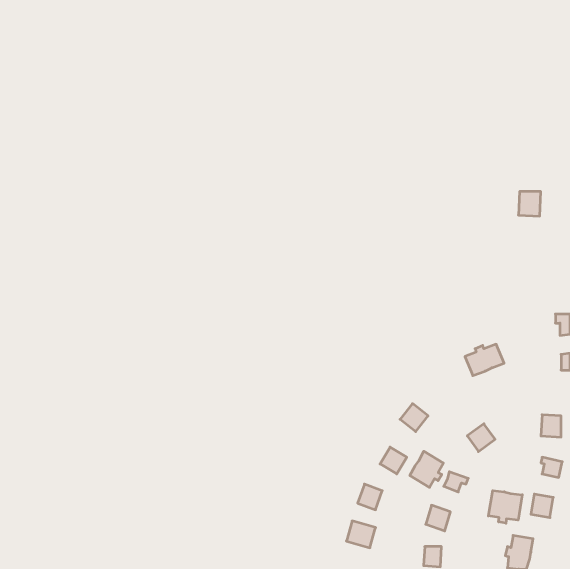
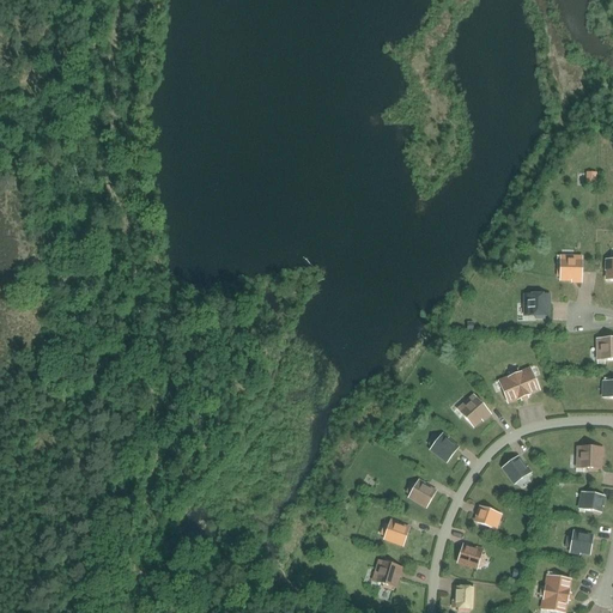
building: [518,192,541,216] -> [558,254,582,280]
building: none -> [522,292,548,315]
building: none -> [459,393,490,427]
building: [410,451,443,487] -> none
building: [488,491,522,523] -> none

